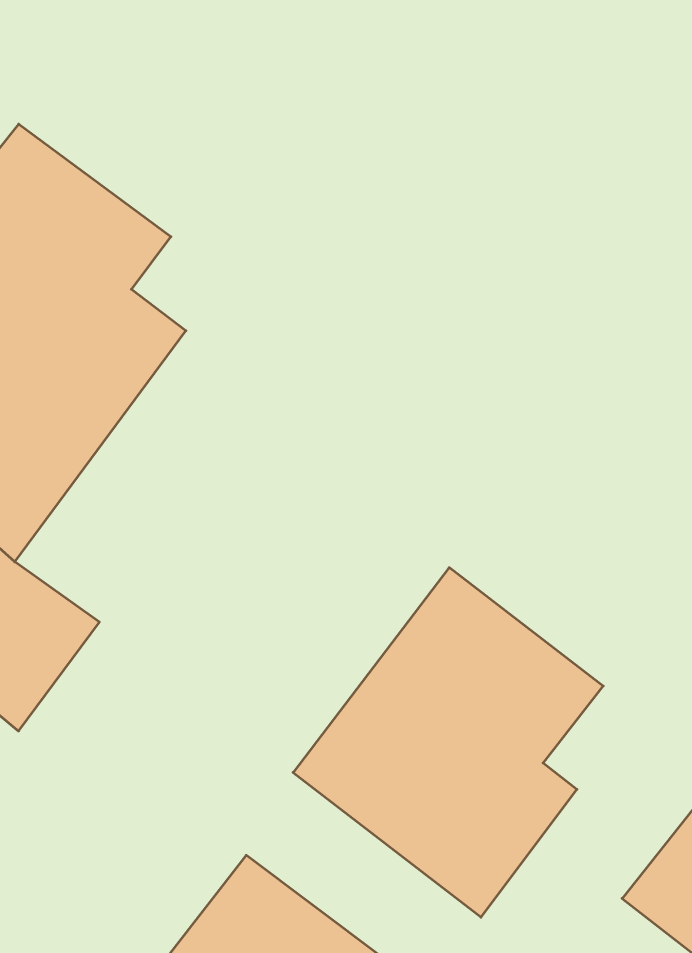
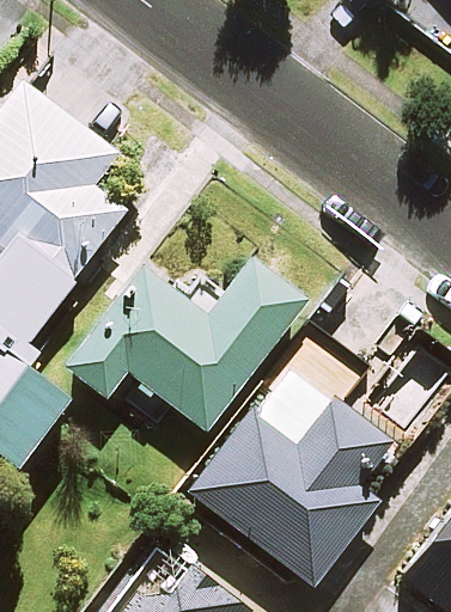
building: none -> [72,259,305,429]

